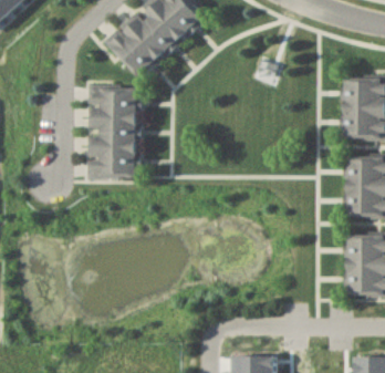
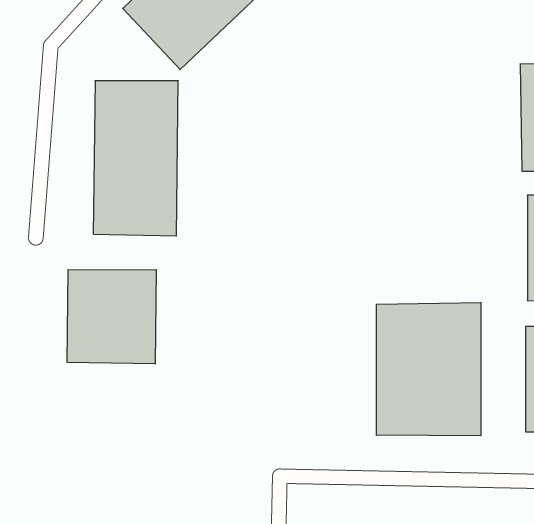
building: none -> [67,270,156,364]
building: none -> [376,302,481,436]

